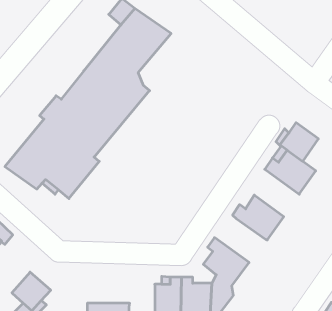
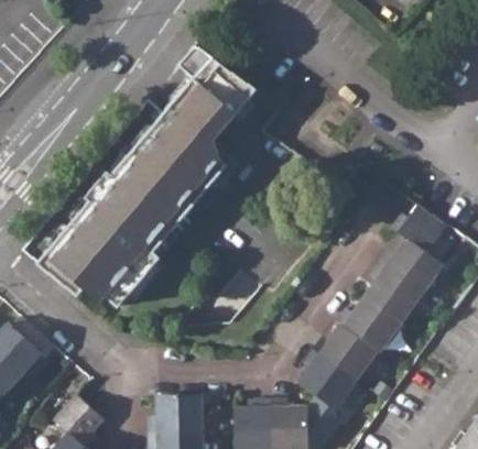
building: none -> [362,263,420,324]
building: none -> [312,326,377,382]
building: none -> [150,397,204,434]

